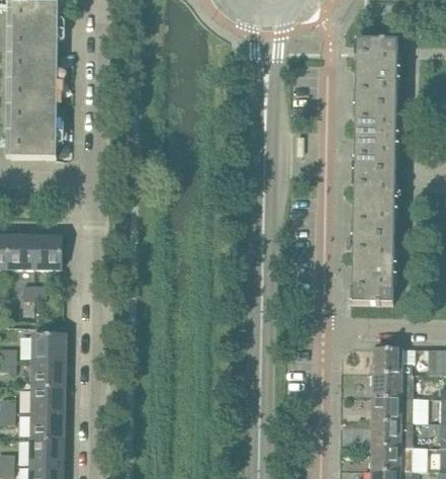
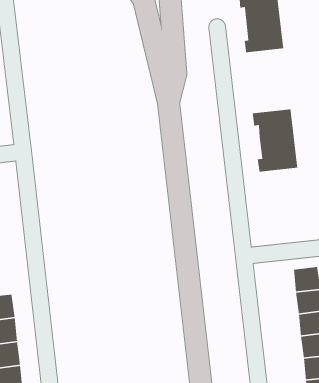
building: [351,106,395,173] -> none
building: [349,238,393,305] -> none

